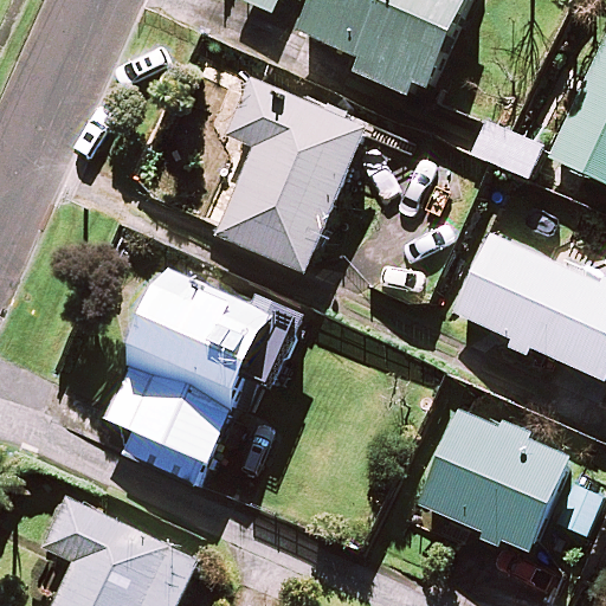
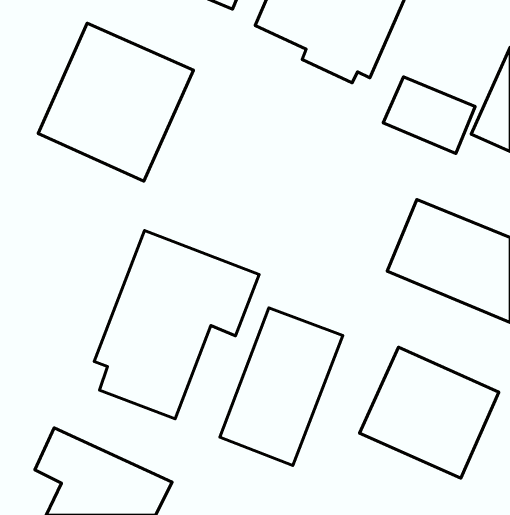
building: none -> [38,23,194,181]
building: [212,73,368,272] -> none
building: none -> [220,308,343,465]

